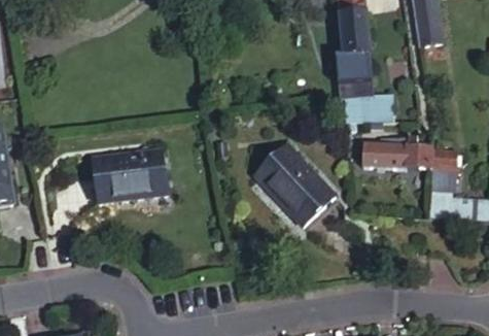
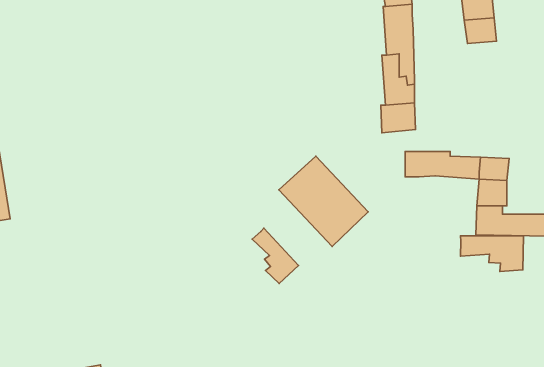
building: [88,149,164,204] -> none
building: none -> [252,228,299,283]
building: none -> [460,236,523,271]

